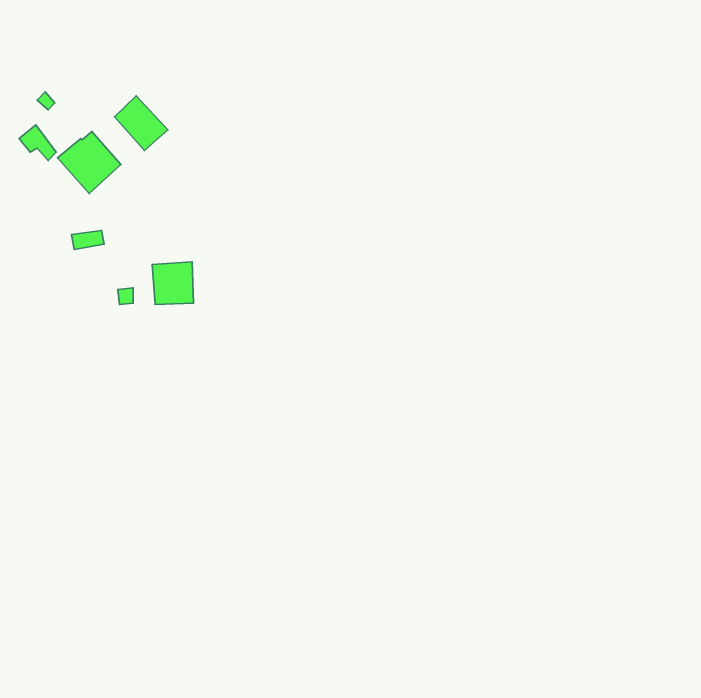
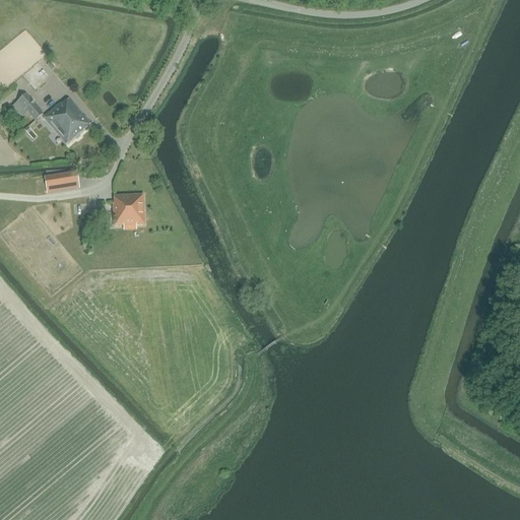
building: [114,96,168,151] -> none

